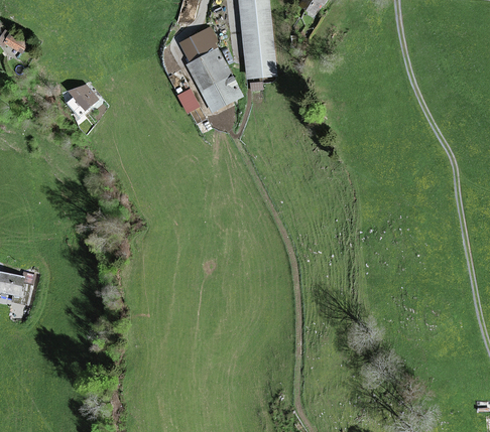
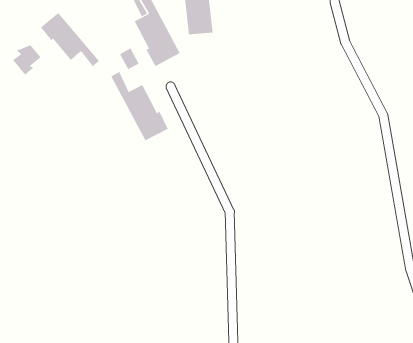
building: none -> [40,12,100,67]
building: none -> [111,71,169,141]

